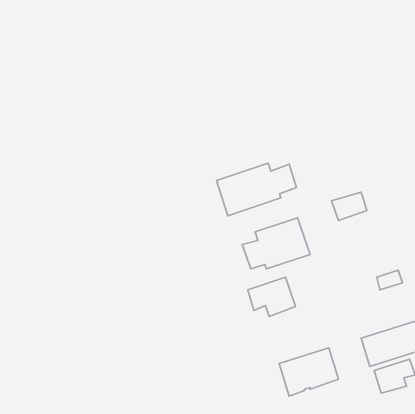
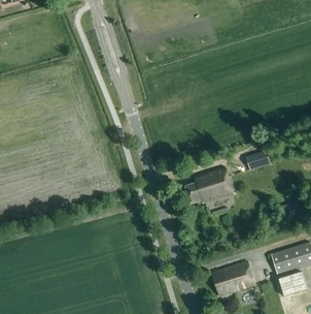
building: [217,163,296,216] -> none
building: [248,277,295,317] -> none

